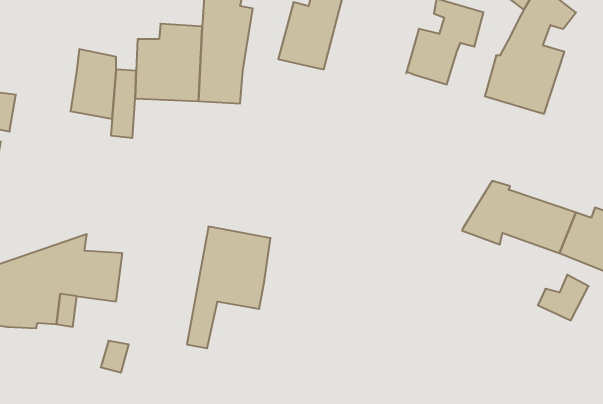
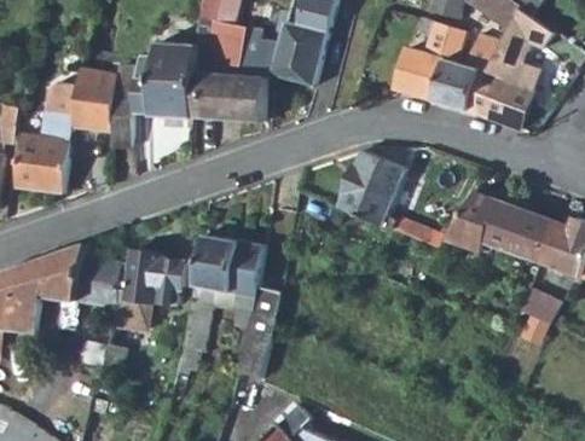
building: none -> [234,27,276,118]
building: none -> [431,30,500,110]
building: none -> [15,81,79,193]
building: none -> [340,151,447,246]
building: none -> [112,250,187,330]
building: none -> [238,288,282,377]

